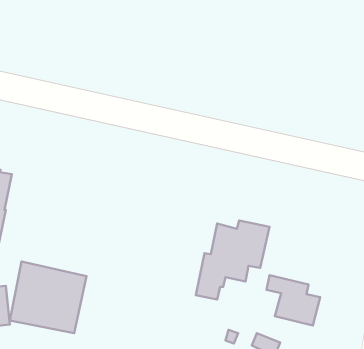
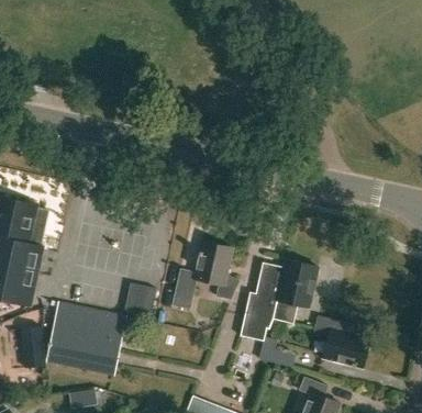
building: none -> [171,241,238,309]
building: none -> [124,283,155,314]
building: none -> [258,336,295,367]

